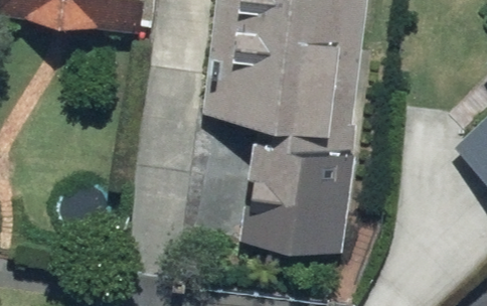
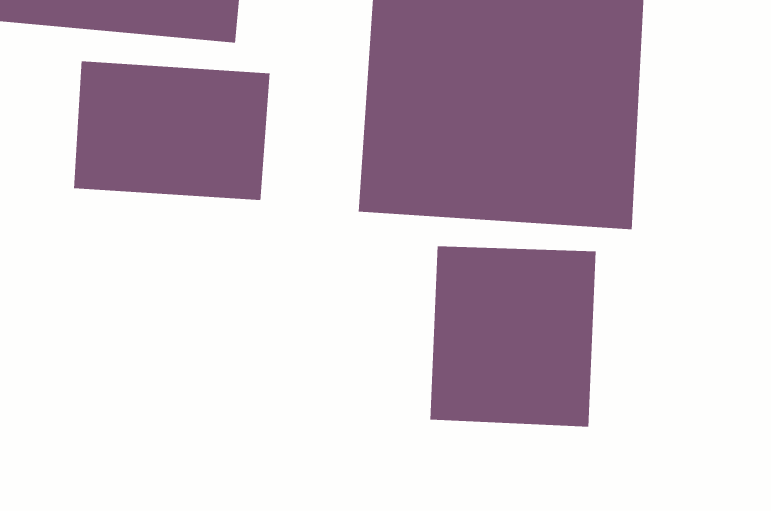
building: none -> [73,61,270,201]

